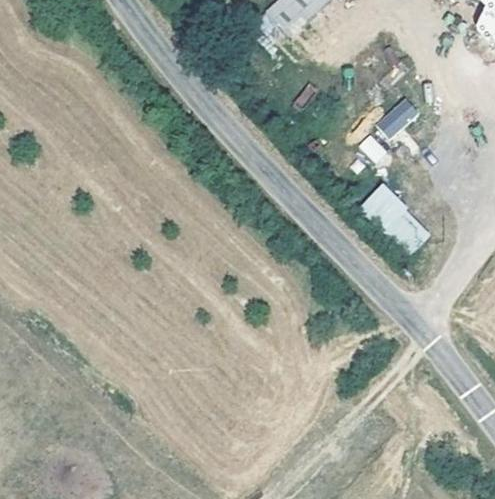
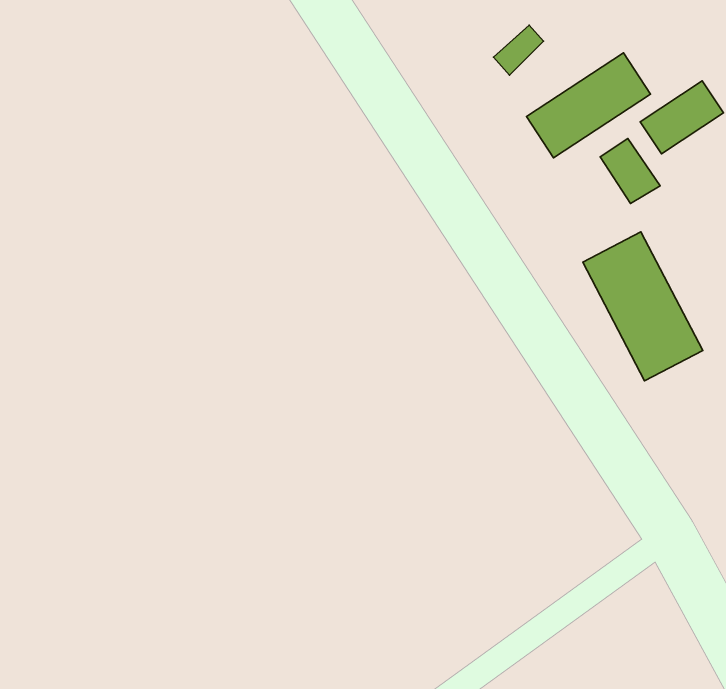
building: none -> [526,53,651,158]

